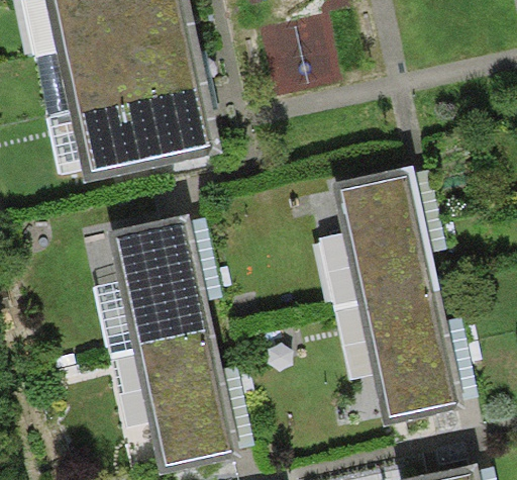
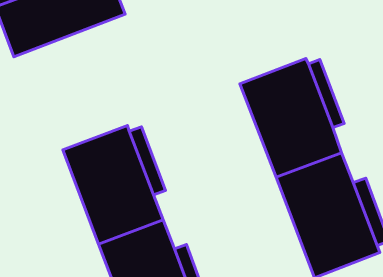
building: [58,83,213,186] -> none

